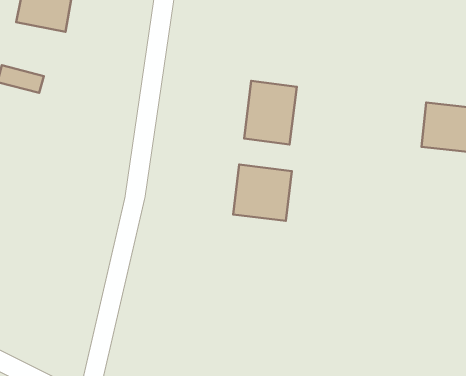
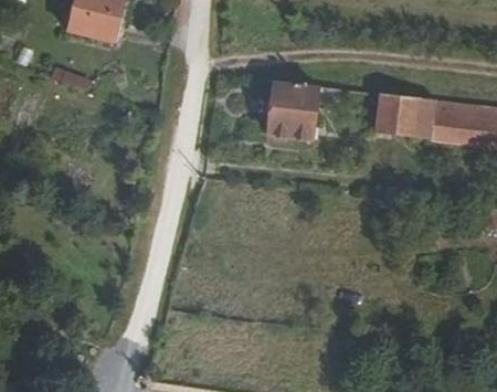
building: none -> [377,94,437,141]
building: [233,165,292,221] -> none

